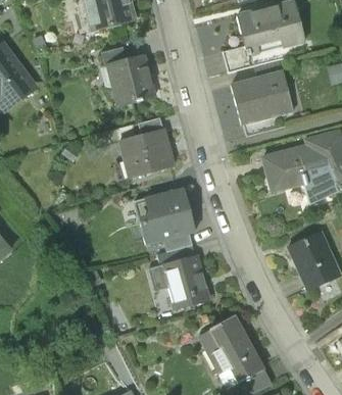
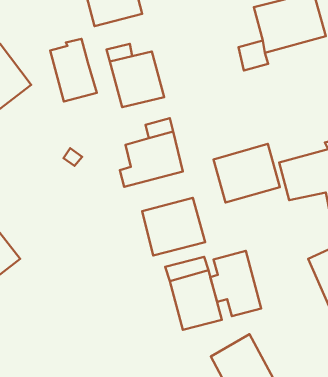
building: none -> [50,39,97,101]
building: [231,70,292,125] -> [213,144,280,203]
building: none -> [210,251,261,316]

